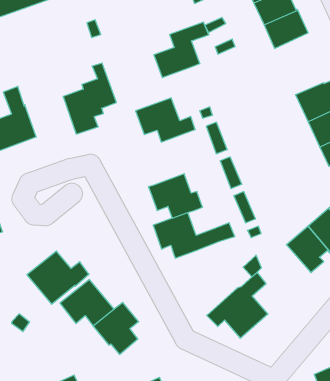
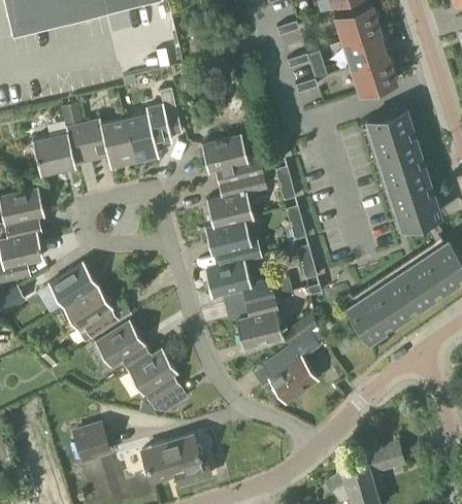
building: [154,22,209,78] -> [205,172,267,227]
building: none -> [367,109,411,147]
building: none -> [82,120,134,168]
building: none -> [48,263,98,307]
building: none -> [237,296,283,346]

